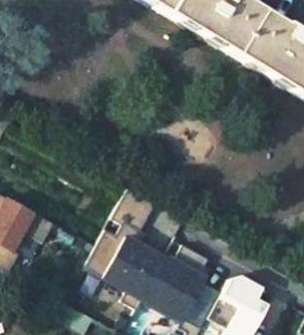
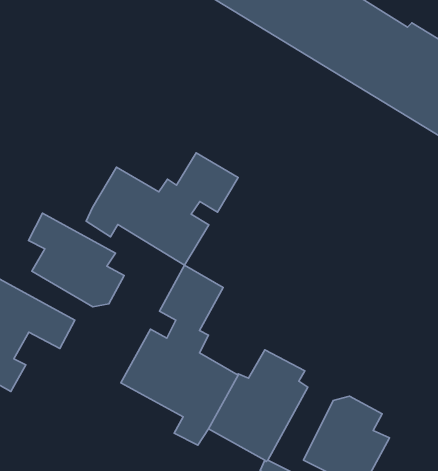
building: none -> [86,153,238,265]
building: none -> [28,213,124,307]

